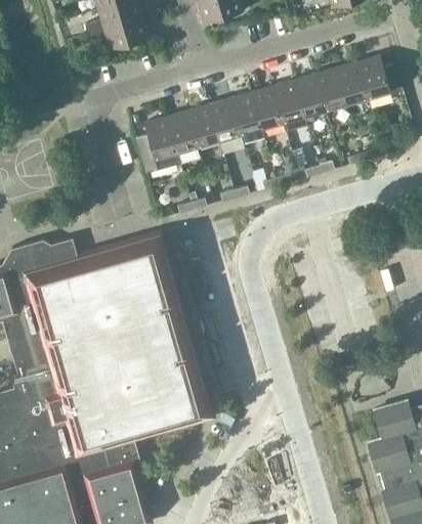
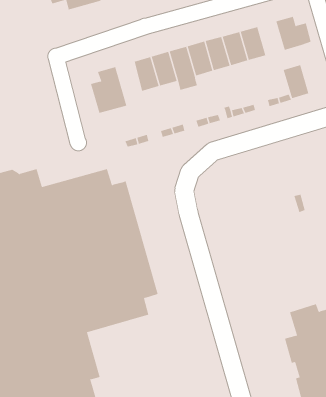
building: [335,62,367,103] -> [283,65,309,99]
building: [165,111,196,152] -> none

